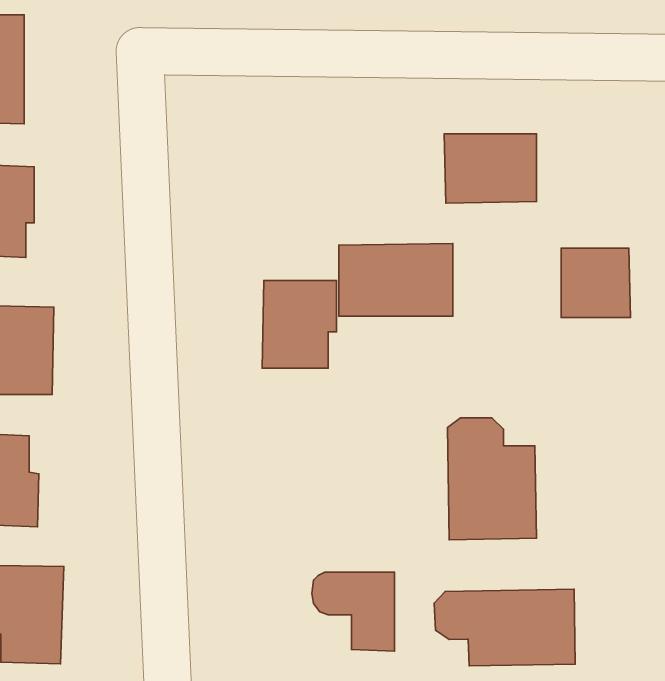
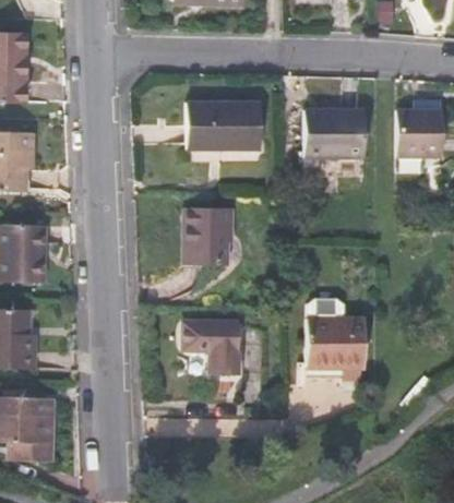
building: [339,244,453,316] -> [186,101,261,149]
building: [561,248,631,318] -> [395,109,441,155]
building: [312,572,394,651] -> [183,322,238,374]
building: [434,589,575,666] -> none

